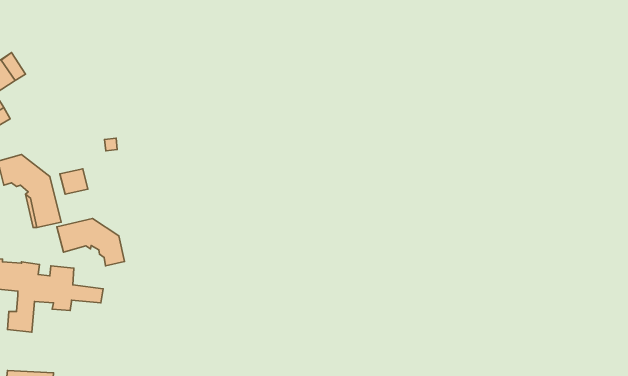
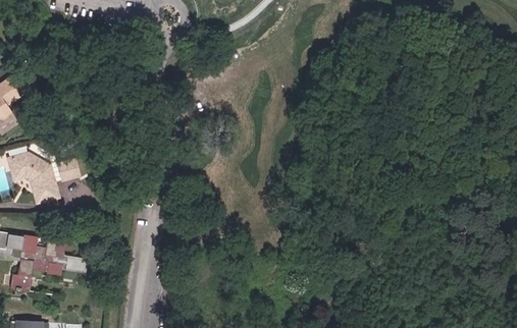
building: [57,218,125,266] -> none

